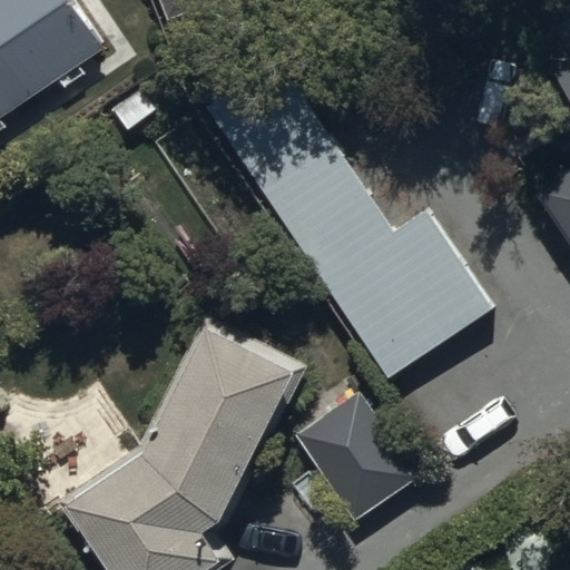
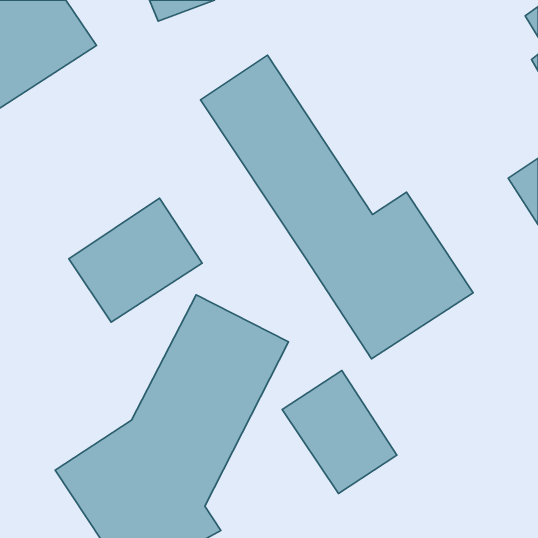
building: none -> [69,198,202,322]

